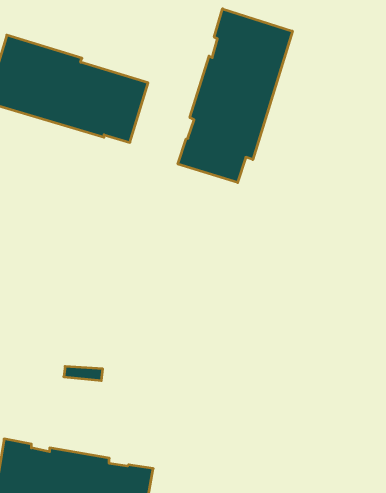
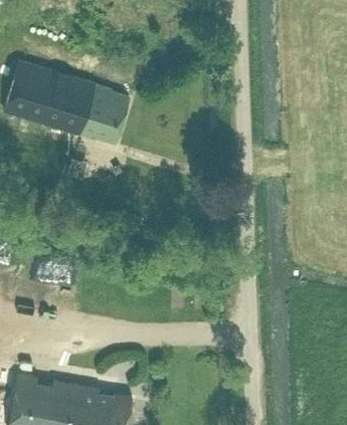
building: [178,9,292,183] -> none

